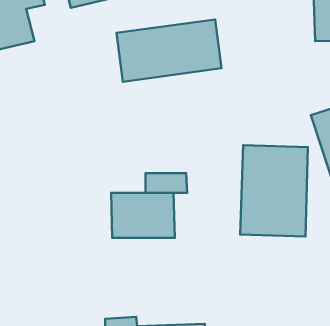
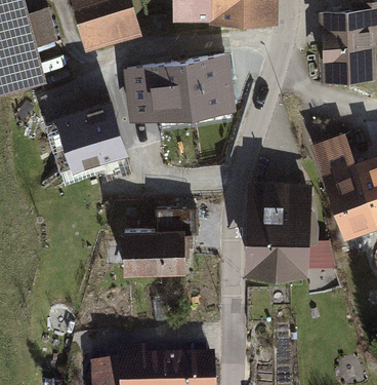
building: none -> [44,98,130,175]

